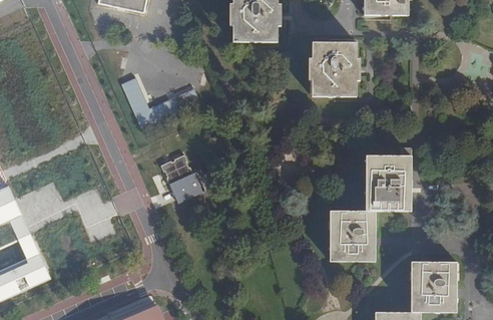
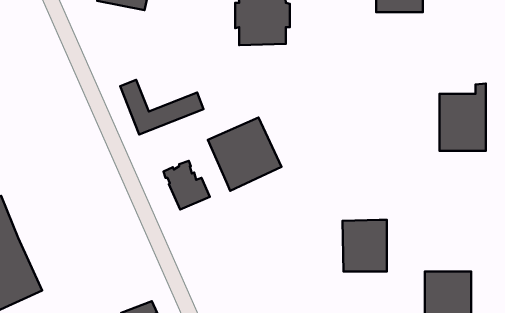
building: [309,44,360,97] -> none
building: none -> [208,118,281,191]
building: [367,146,411,211] -> [440,83,486,151]

